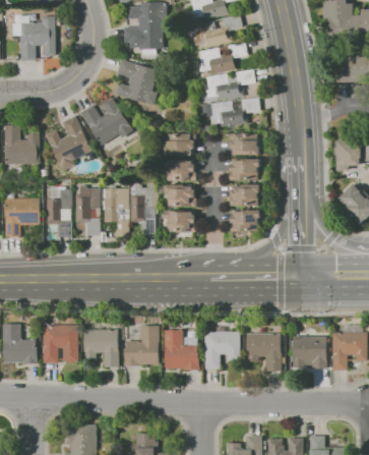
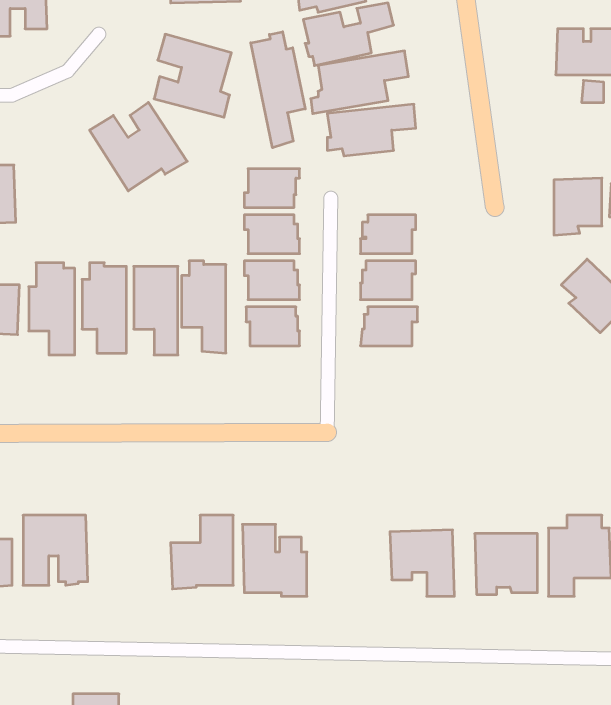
building: none -> [251,32,305,148]
building: [45,115,93,170] -> none
building: [228,133,259,155] -> none
building: [83,329,119,367] -> none
building: [204,331,240,368] -> none

